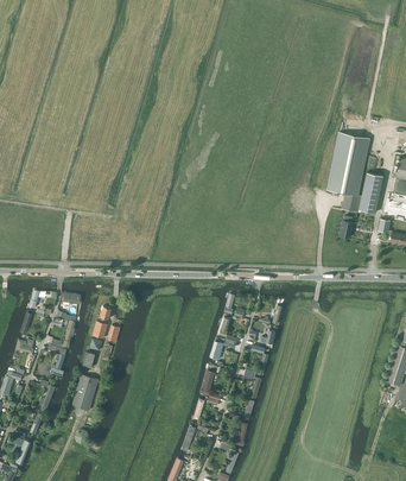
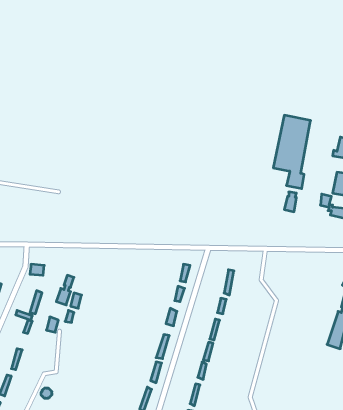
building: [360,172,383,214] -> none
building: [72,374,99,410] -> none

